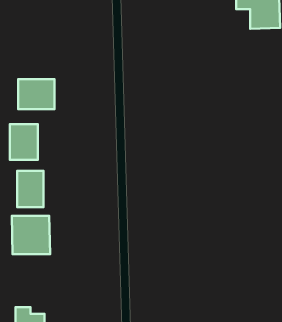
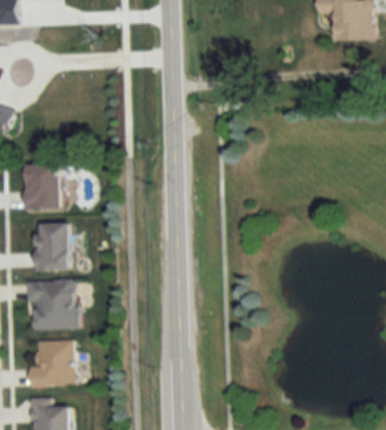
building: [18,79,54,109] -> none
building: none -> [30,340,74,387]

